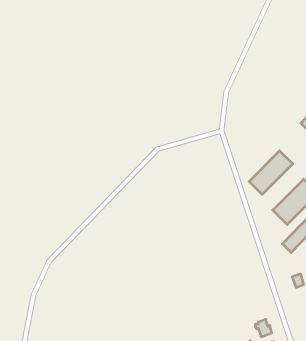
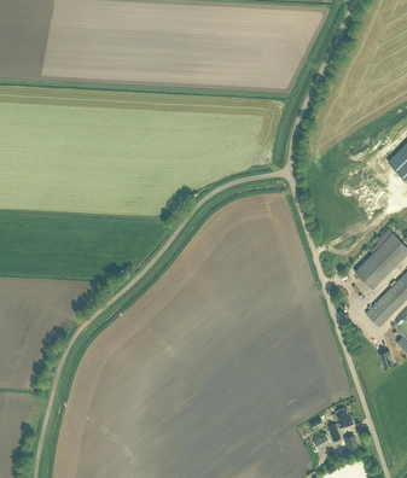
building: [249,151,293,194] -> none

